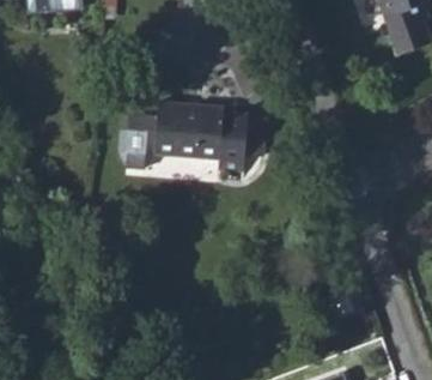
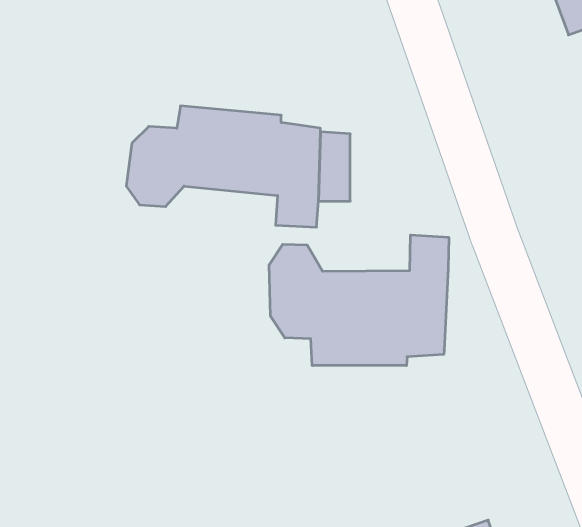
building: none -> [269,235,449,366]

